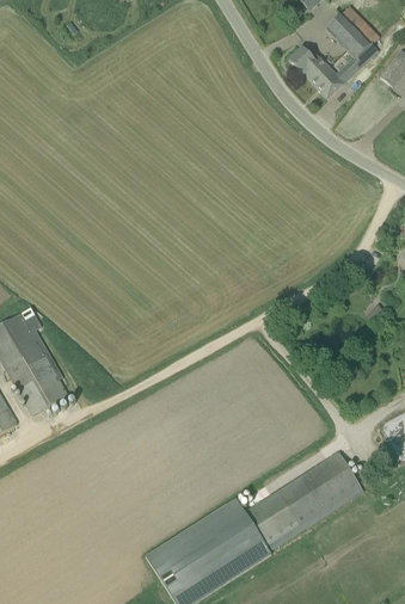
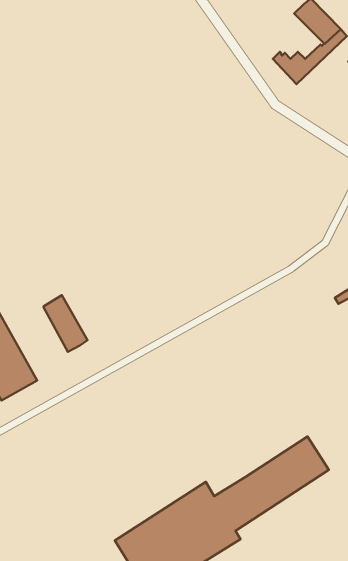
building: [288,44,329,75] -> none
building: none -> [44,295,87,352]

